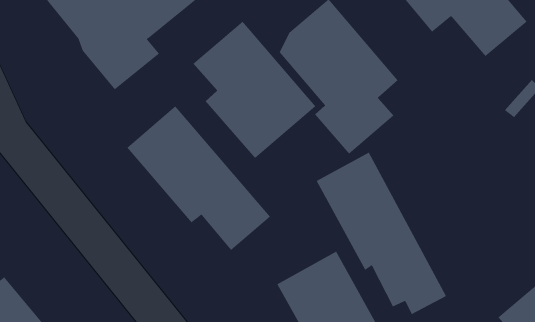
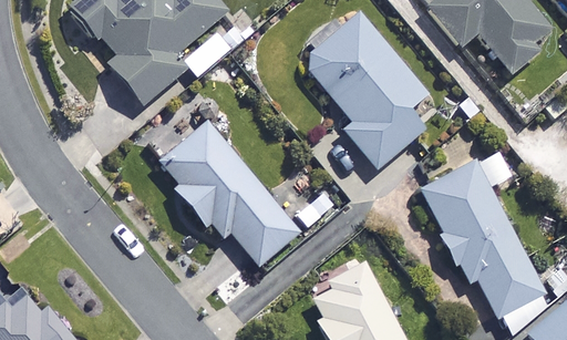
building: [193,21,316,159] -> none
building: [316,152,447,315] -> [422,161,553,323]

